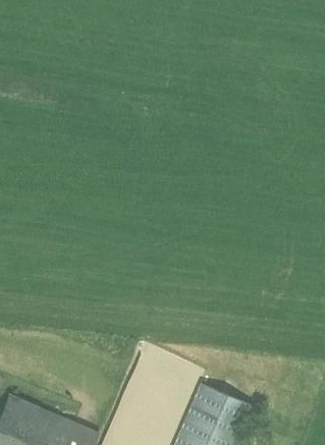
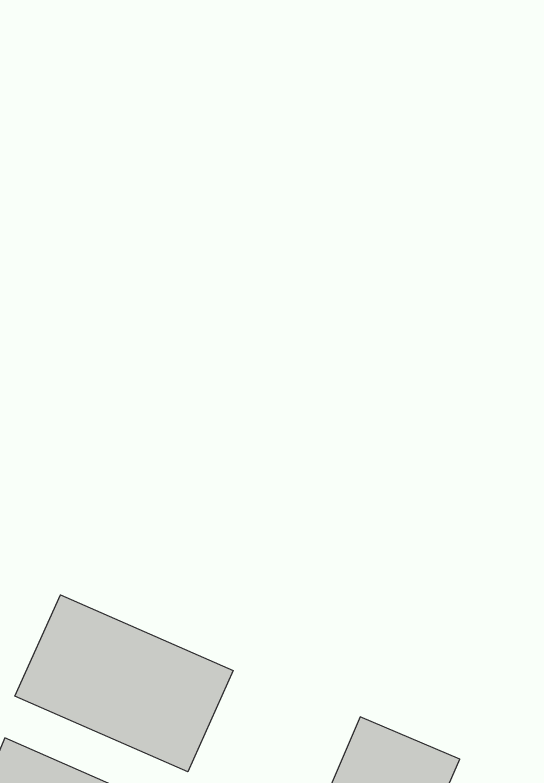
building: none -> [15,595,233,772]

